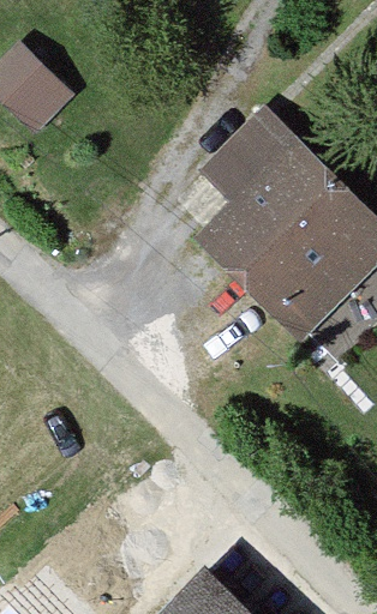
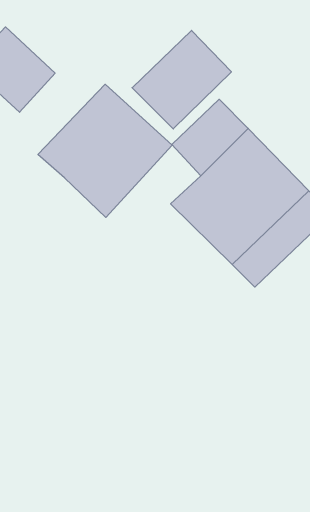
building: none -> [132,30,231,129]
building: none -> [38,84,172,217]

